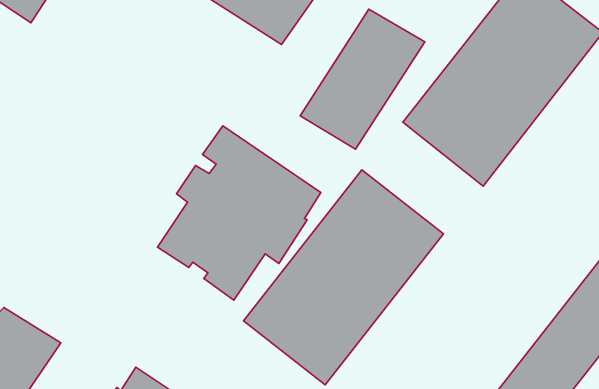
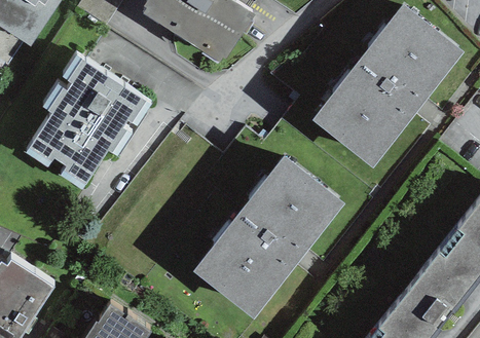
building: [300,9,425,149] -> none
building: [158,126,321,300] -> [27,53,150,185]

